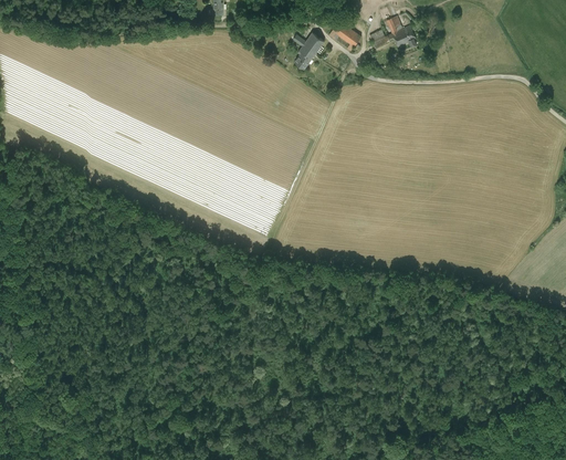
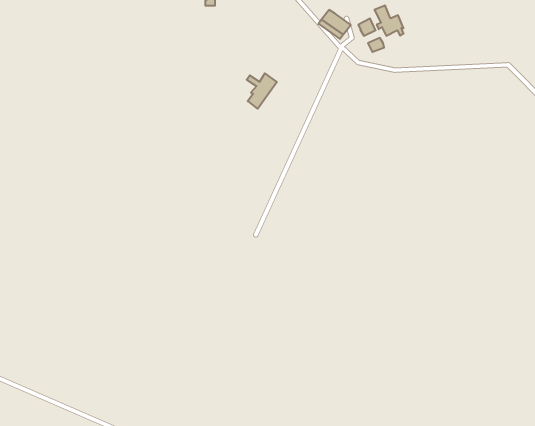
building: [293,32,324,69] -> [247,73,277,109]

